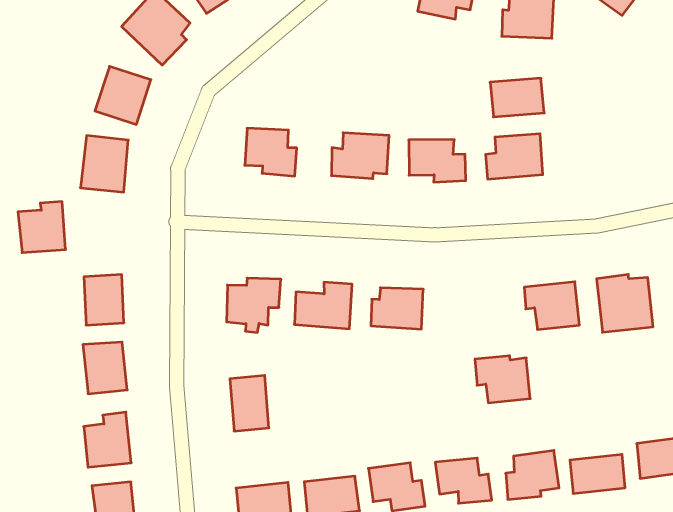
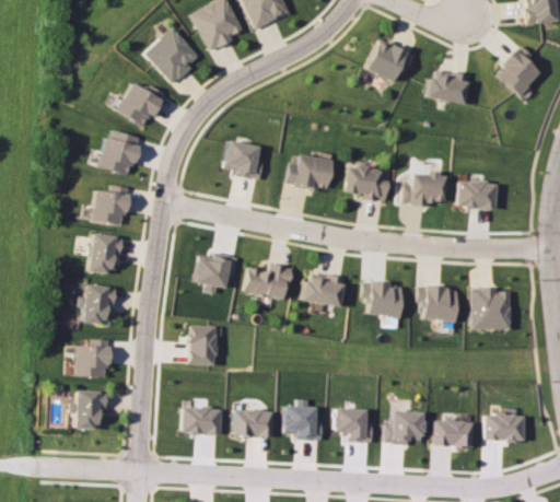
building: [490,78,544,117] -> [458,180,498,209]
building: [18,202,66,253] -> [92,186,127,223]
building: [475,356,530,403] -> [362,281,401,316]

